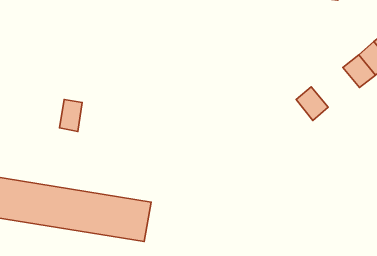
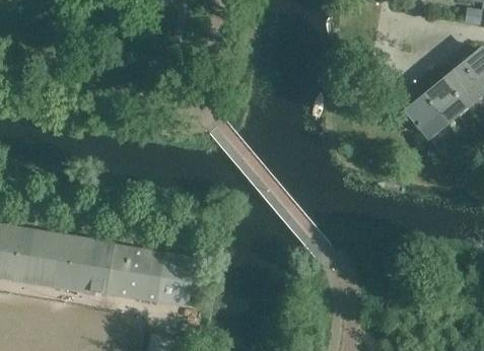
building: [296,87,328,121] -> [406,95,444,136]
building: [60,99,82,132] -> none

